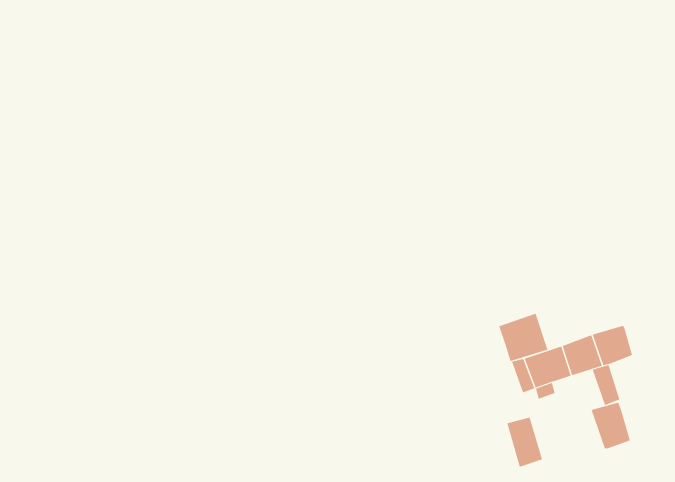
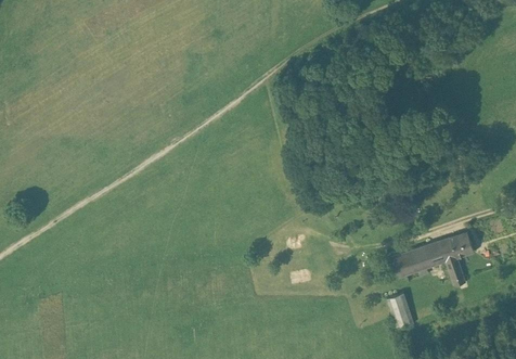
building: [499,313,548,362] -> none
building: [591,402,630,449] -> none

